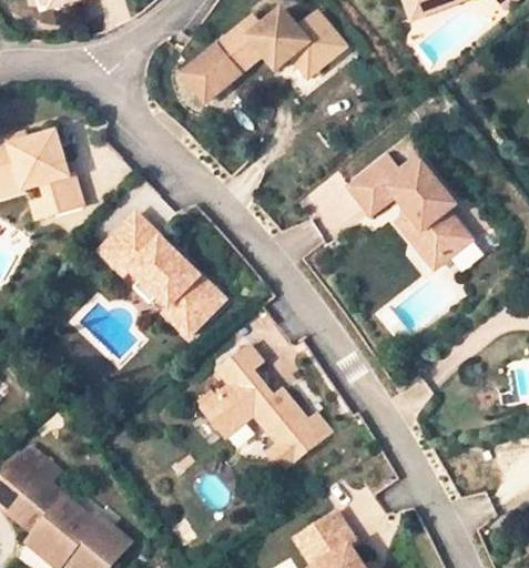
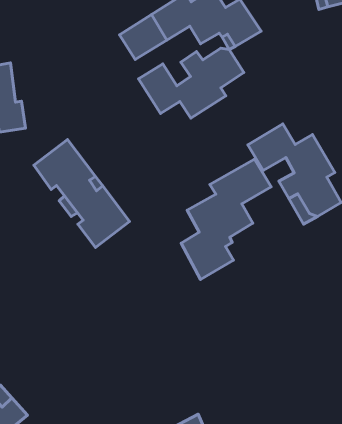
building: none -> [139,48,244,118]
building: none -> [181,159,271,280]
building: [203,342,333,468] -> none

